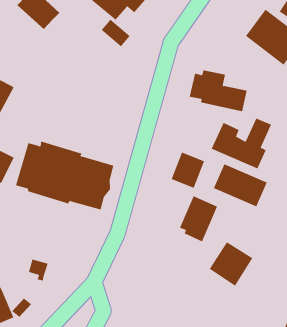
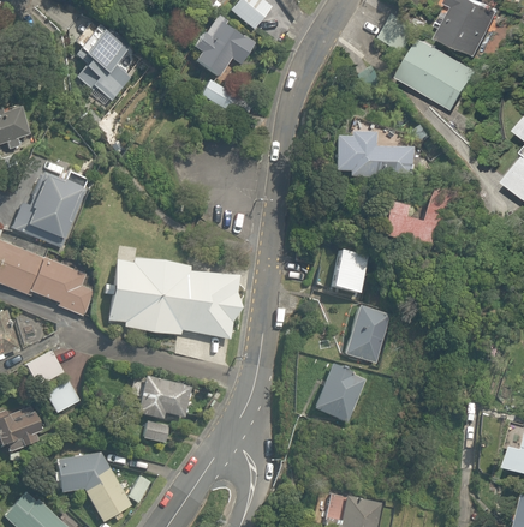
building: [213,164,267,207] -> none
building: none -> [132,373,192,419]
building: [209,242,253,287] -> [309,364,368,424]

